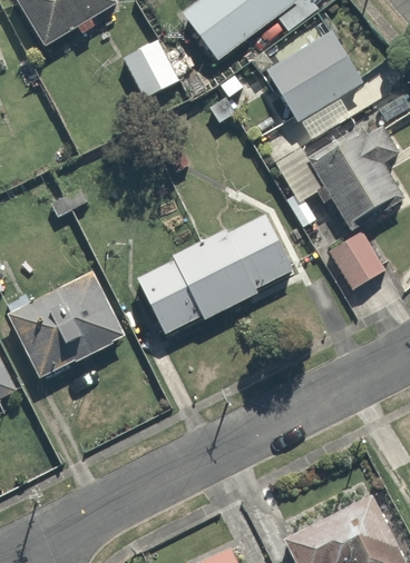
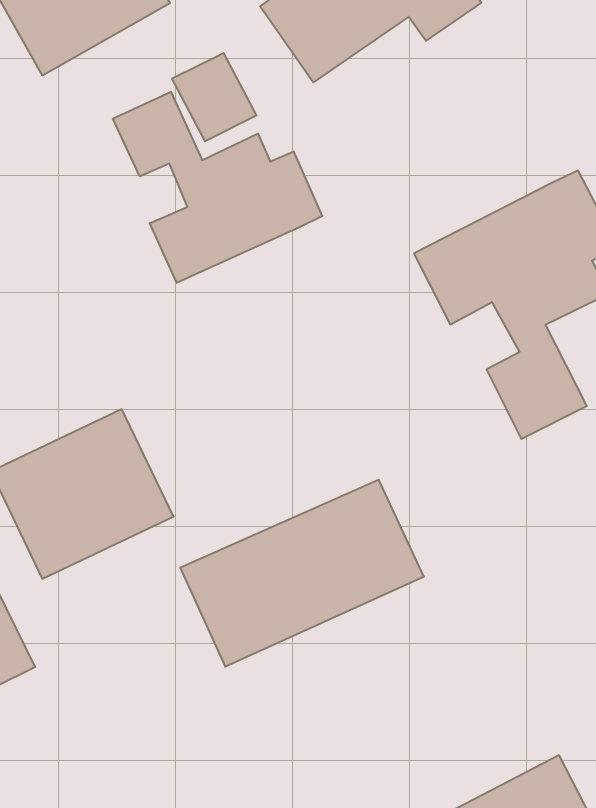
building: [266,28,390,140] -> none
building: none -> [113,92,322,283]
building: [136,215,293,335] -> [180,480,424,667]

